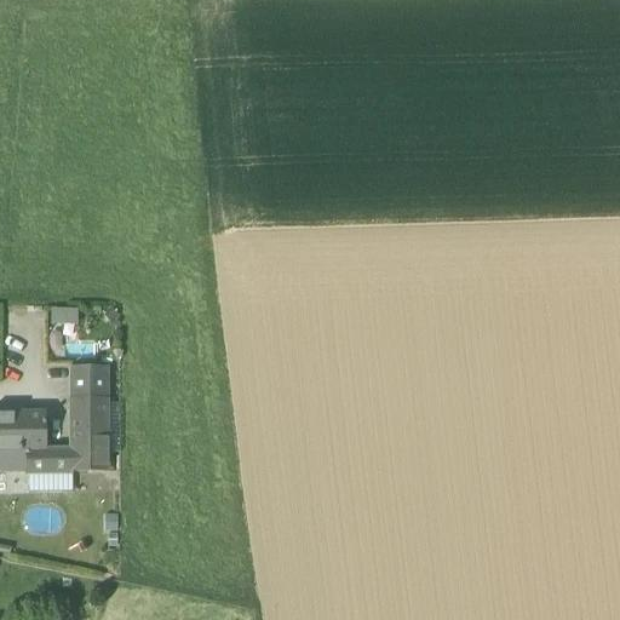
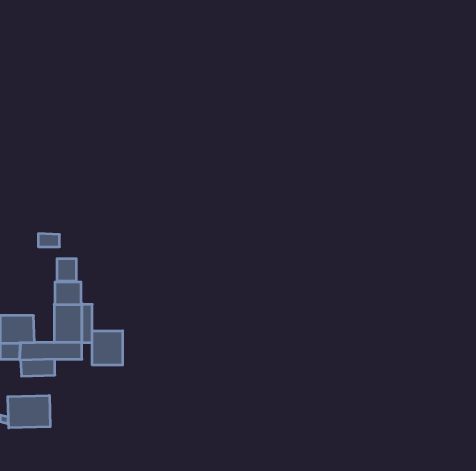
building: none -> [57,259,76,282]
building: none -> [92,331,123,365]
building: none -> [8,395,50,428]

